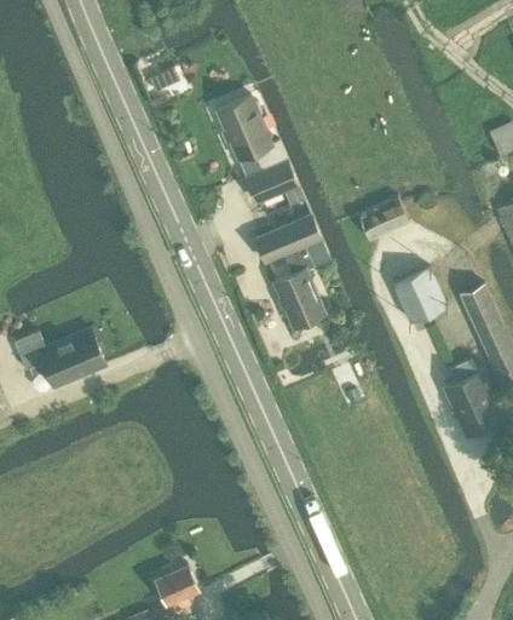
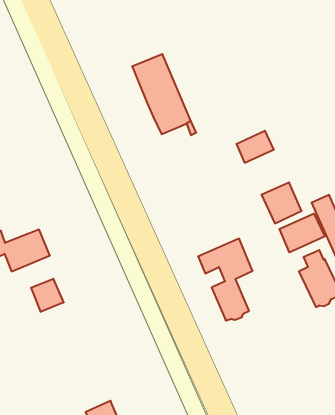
building: [255,214,329,326] -> [198,239,253,321]
building: none -> [279,214,325,252]
building: none -> [31,279,64,312]

